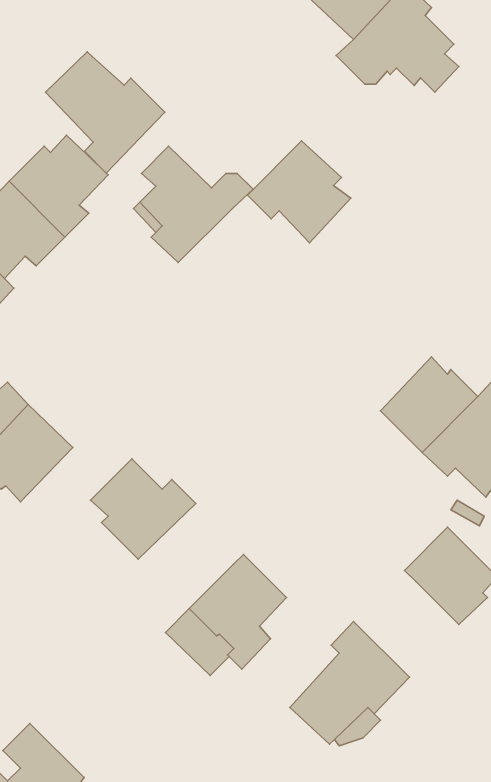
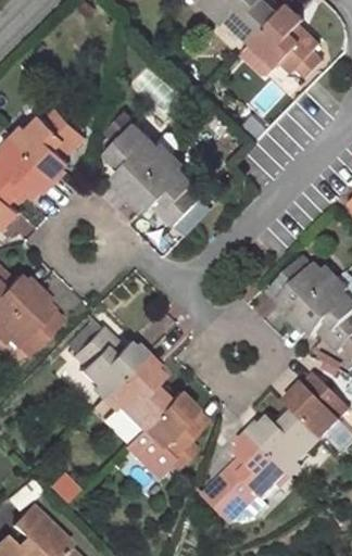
building: [45,52,165,173] -> none
building: [247,141,351,243] -> [131,155,202,225]
building: none -> [104,356,169,428]
building: none -> [251,409,323,475]

